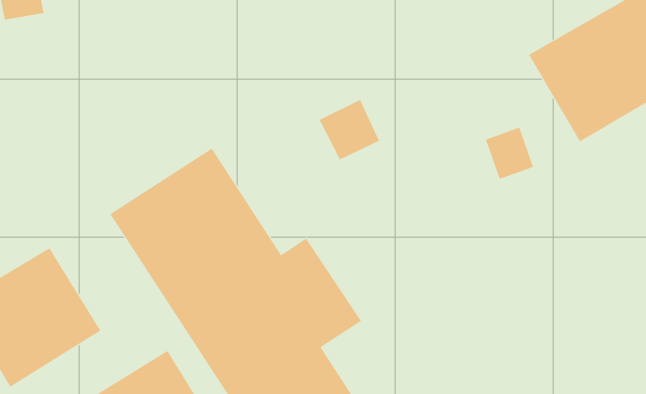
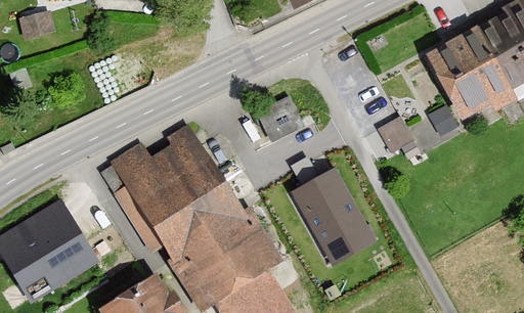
building: none -> [295,166,380,263]

